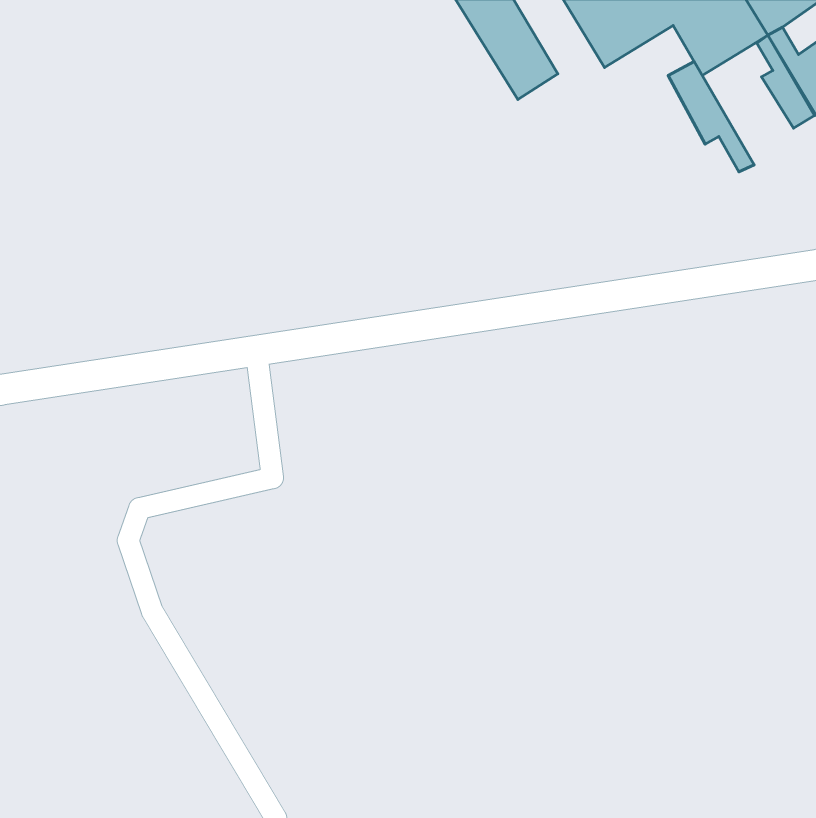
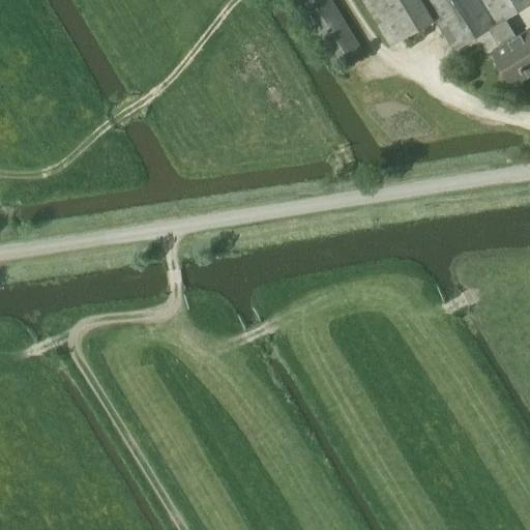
building: [668,62,754,172] -> none

